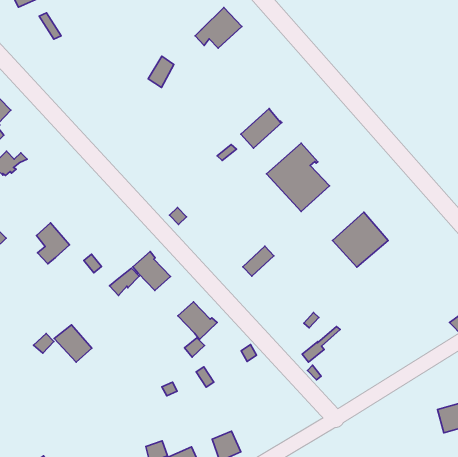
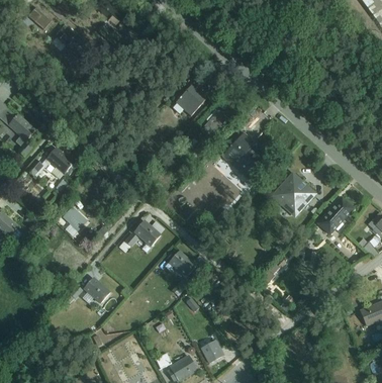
building: [195,7,242,48] -> [173,86,205,115]
building: none -> [45,148,74,179]
building: none -> [317,197,354,234]

